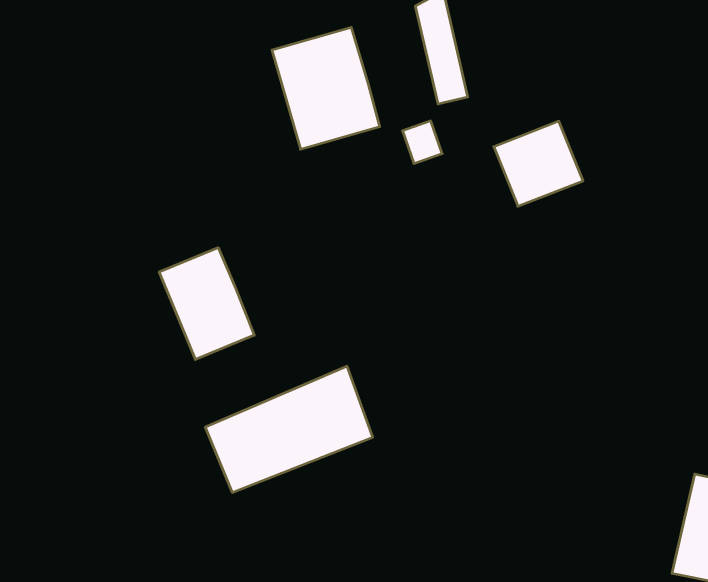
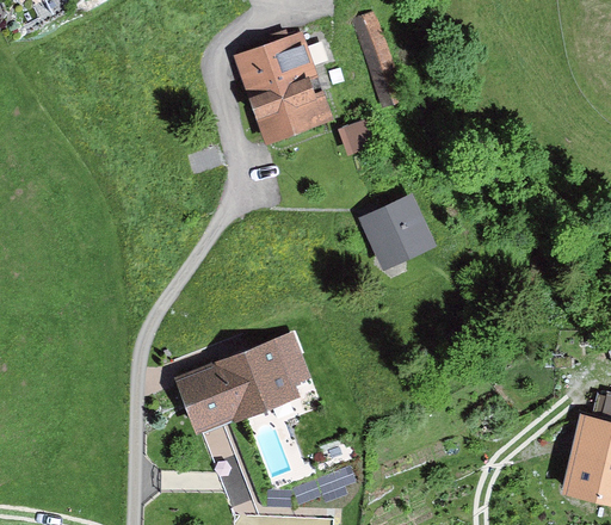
building: [494,121,583,206] -> [360,194,436,266]
building: [159,248,254,360] -> none

